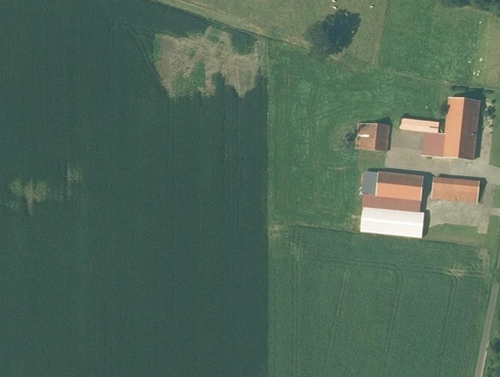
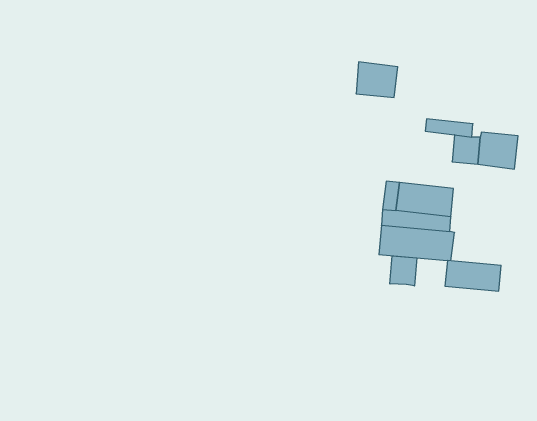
building: [447,97,481,132] -> none
building: [355,121,390,151] -> [356,62,398,97]
building: [433,176,480,202] -> [445,260,501,291]
building: none -> [390,256,417,286]

